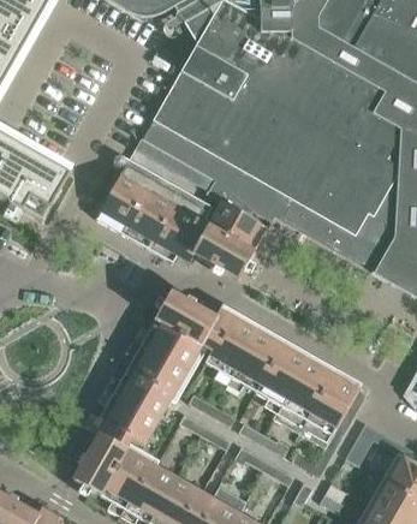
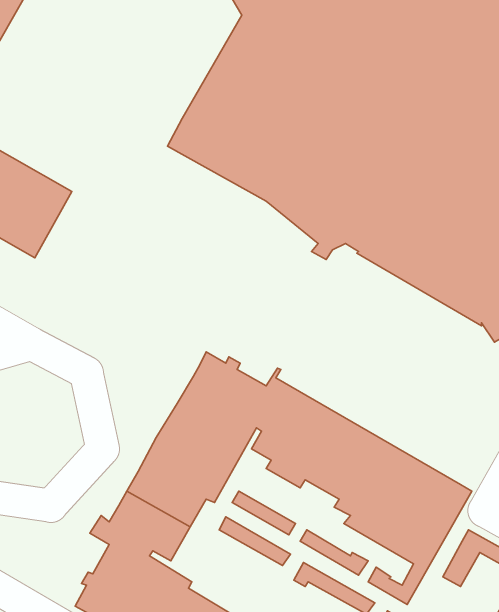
building: [94,137,267,280] -> none

